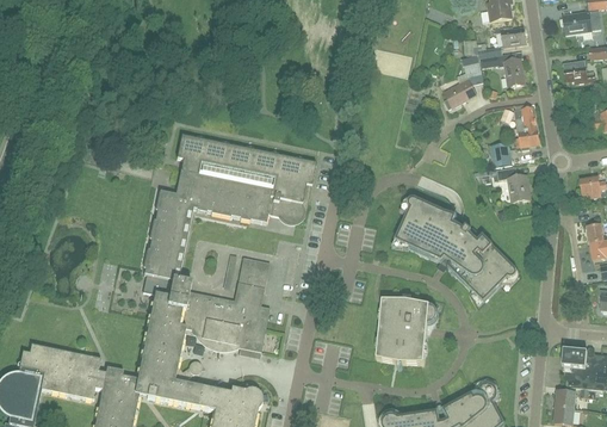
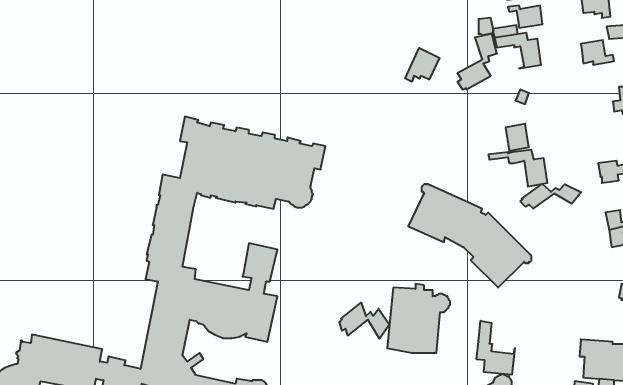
building: none -> [405,48,440,82]
building: [515,106,539,148] -> none
building: none -> [520,184,581,209]
building: none -> [339,303,390,339]
building: none -> [477,321,515,375]

